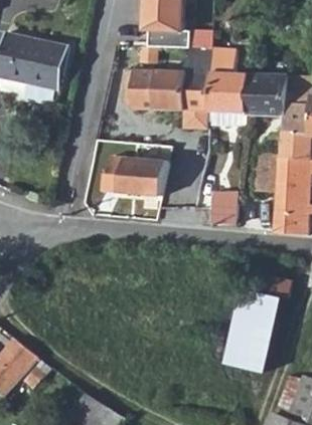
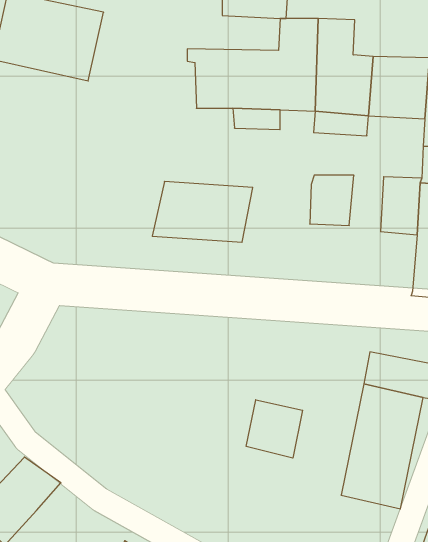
building: [208,193,238,226] -> [310,175,354,225]
building: none -> [246,400,303,458]

